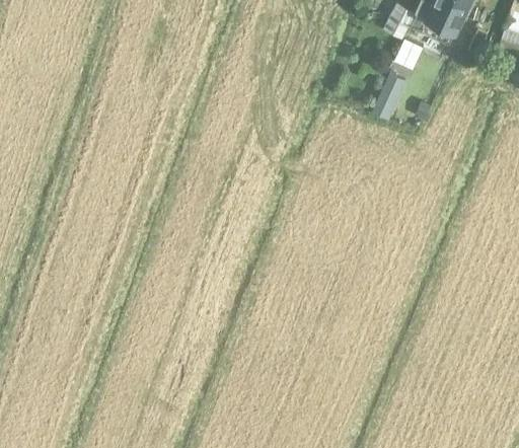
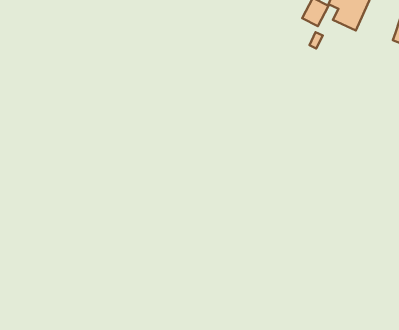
building: [375,68,412,115] -> none

